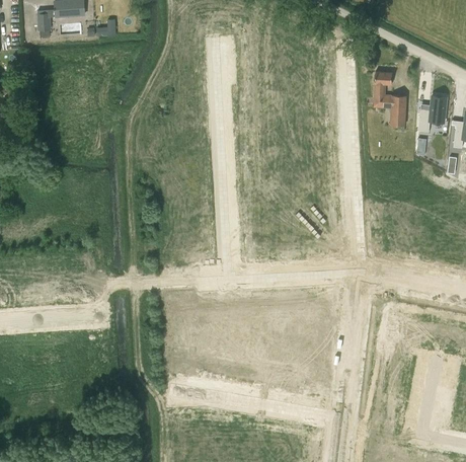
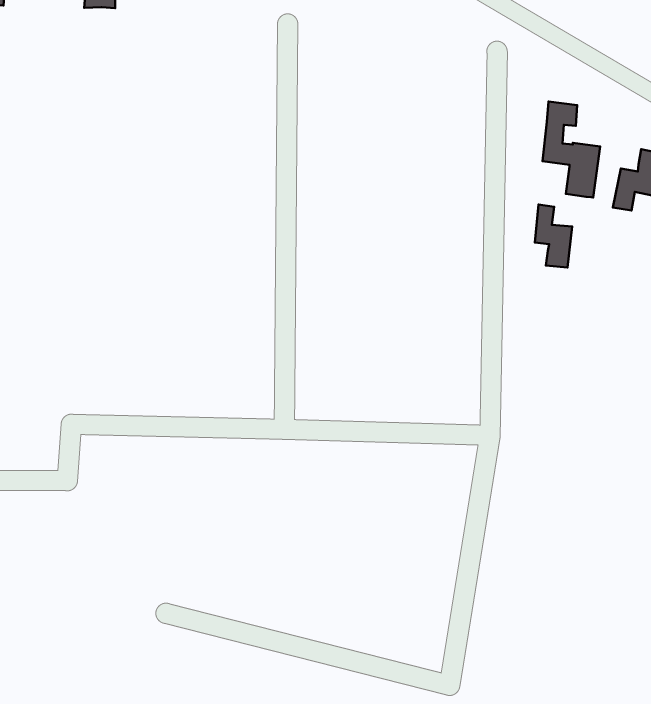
building: none -> [535,204,572,268]

